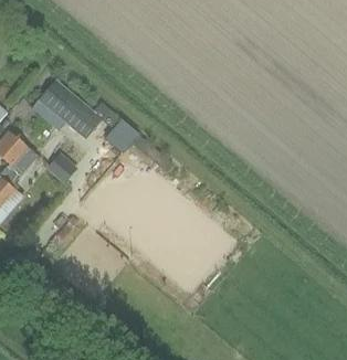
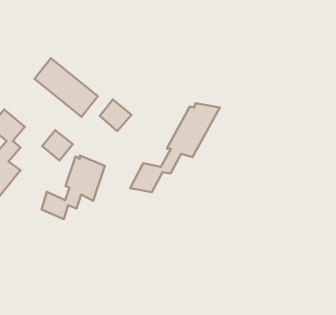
building: none -> [130,103,220,192]
building: none -> [41,155,105,219]

